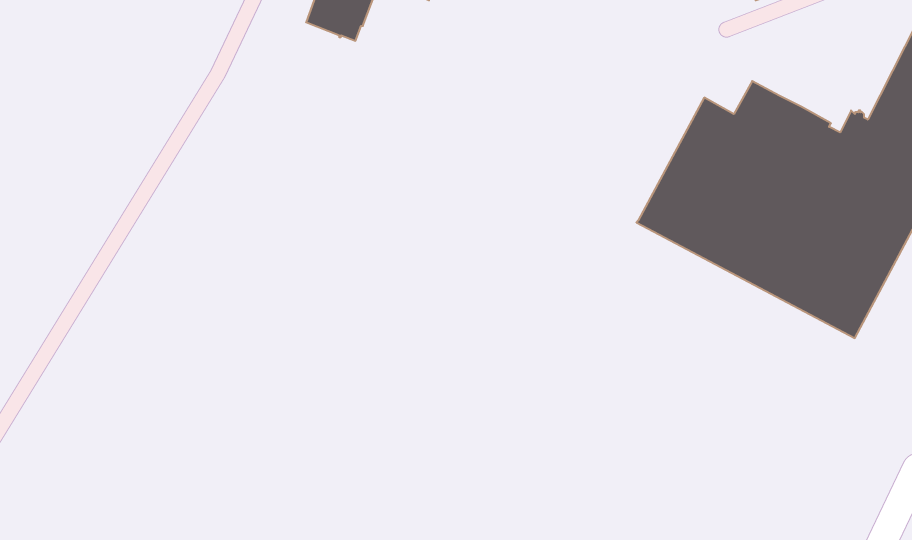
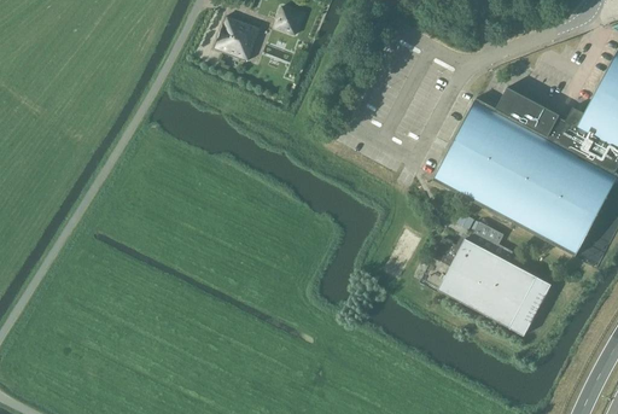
building: none -> [435,220,553,334]

